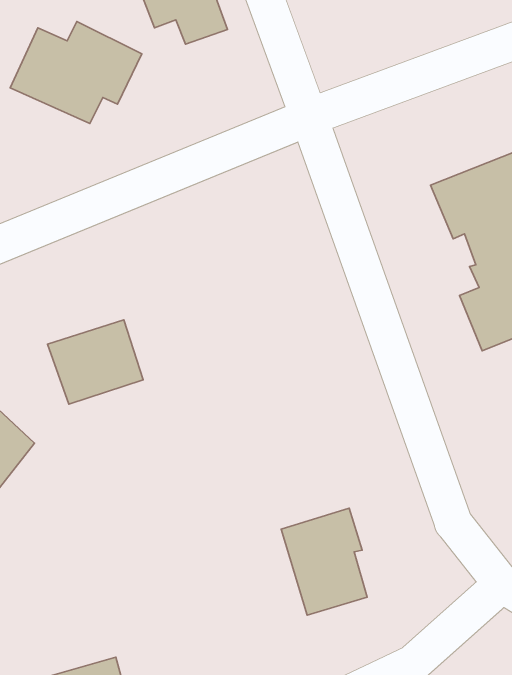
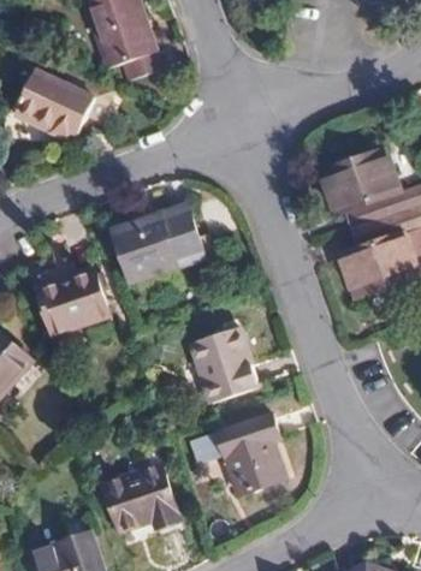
building: none -> [112,209,204,285]
building: none -> [185,331,245,403]
building: none -> [101,460,177,524]

